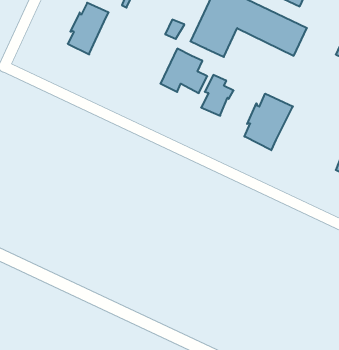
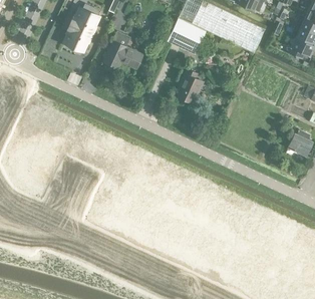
building: [160,49,207,93] -> [103,31,142,68]
building: [244,94,293,150] -> none

